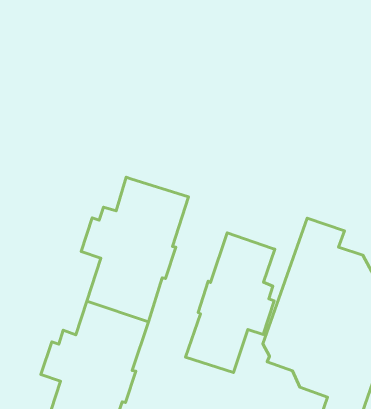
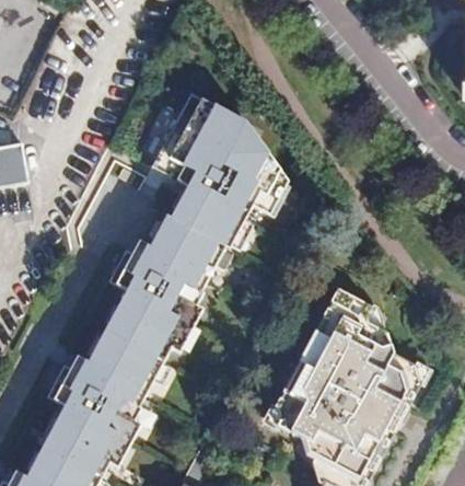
building: none -> [158,91,287,245]
building: [186,233,275,372] -> none

